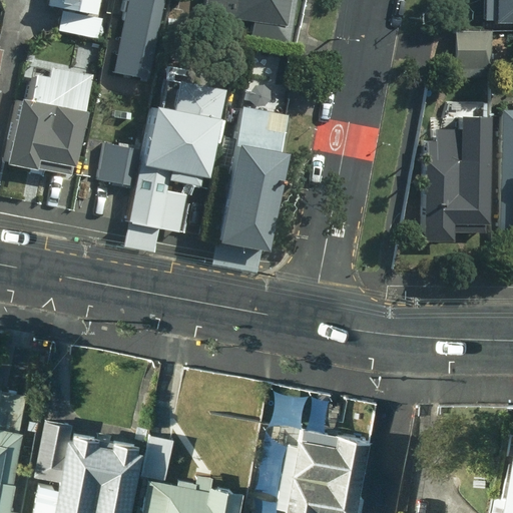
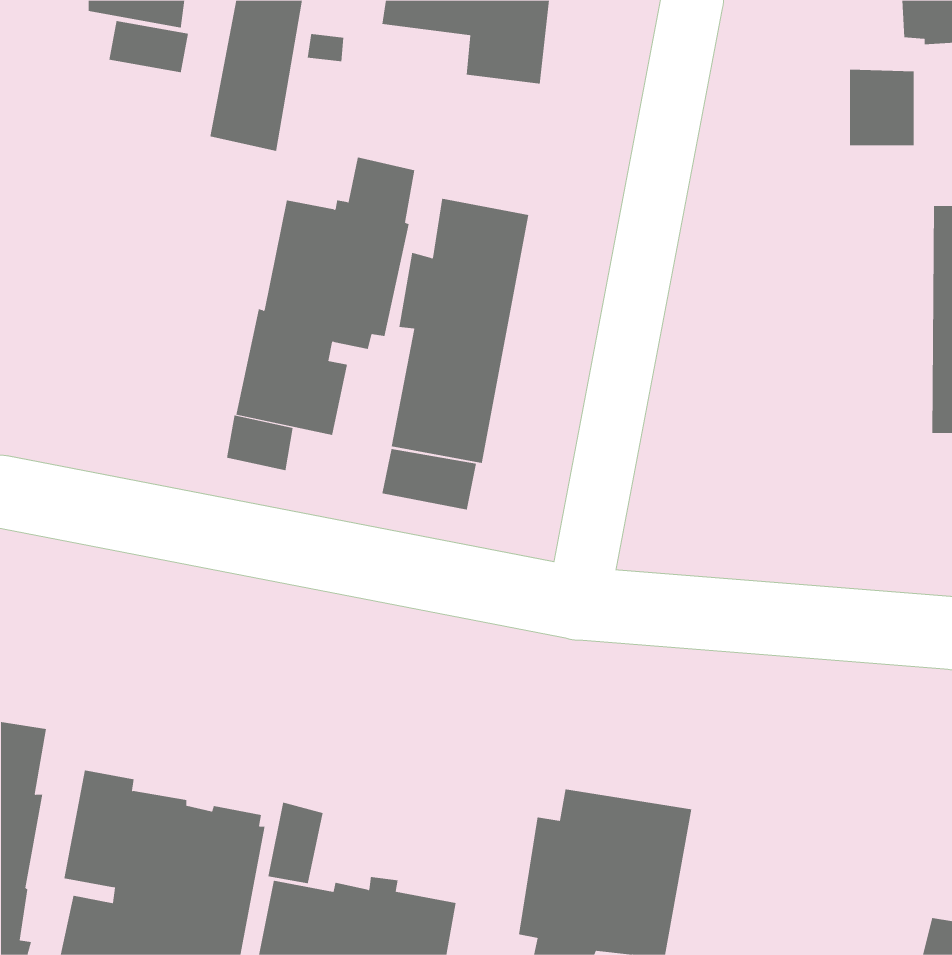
building: [7,67,92,177] -> none
building: [425,117,491,241] -> none
building: [97,143,140,185] -> none

